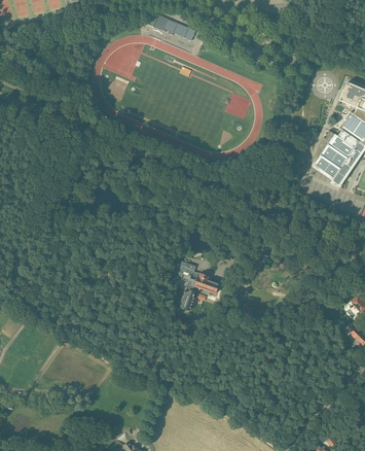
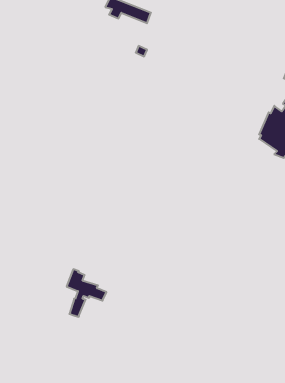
building: [177,259,220,311] -> [67,269,106,317]

